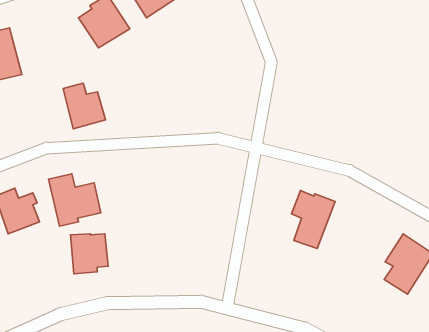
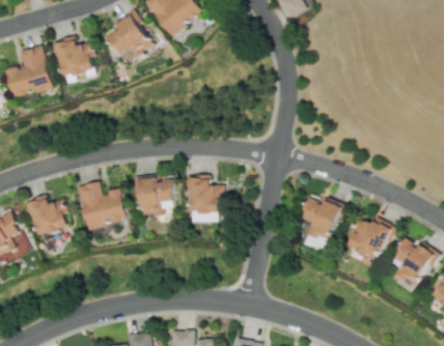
building: [63,83,105,129] -> [55,37,94,80]
building: none -> [189,176,222,223]
building: none -> [346,219,392,261]
building: [70,234,108,274] -> [138,178,173,215]

